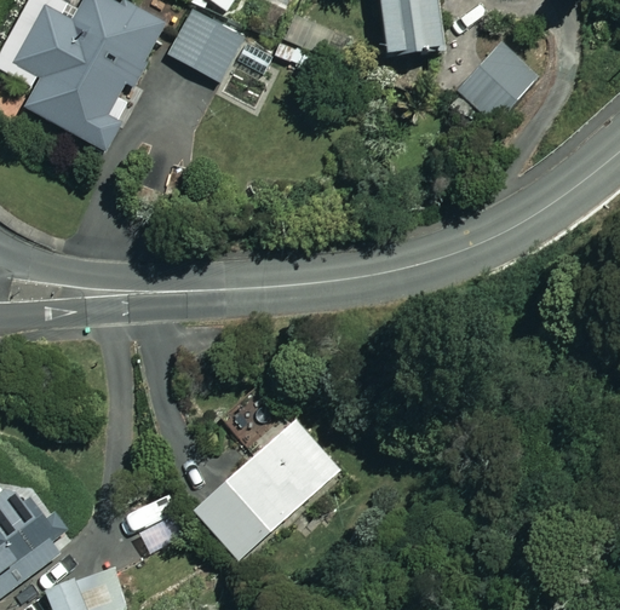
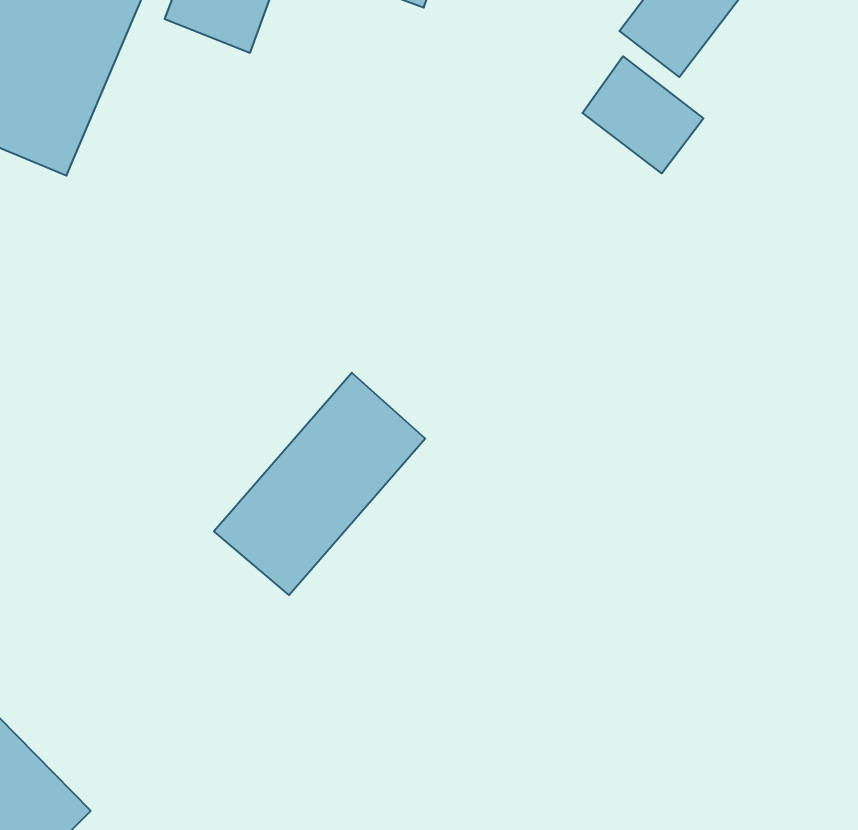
building: none -> [582,56,703,173]
building: [196,421,335,558] -> [214,373,425,595]

